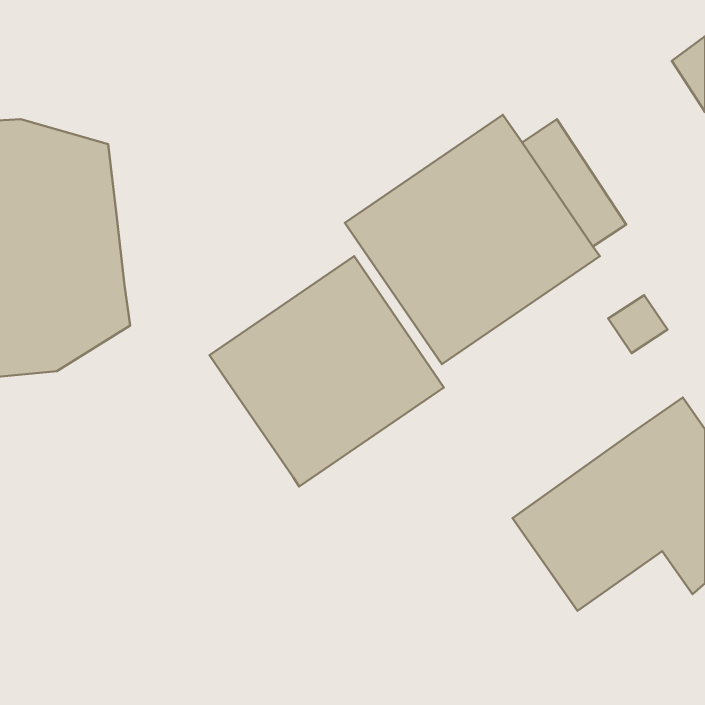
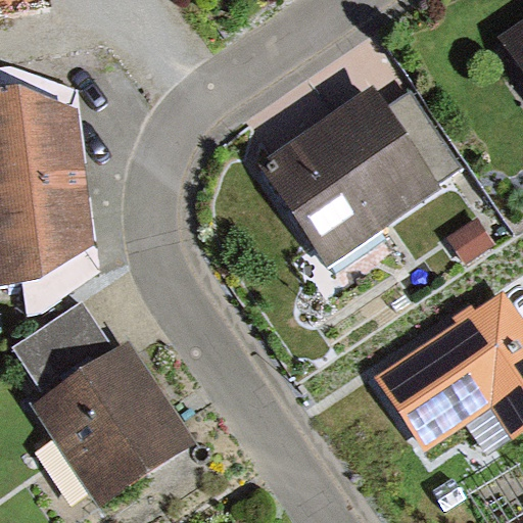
building: [210,256,444,486] -> none
building: none -> [10,303,198,508]

